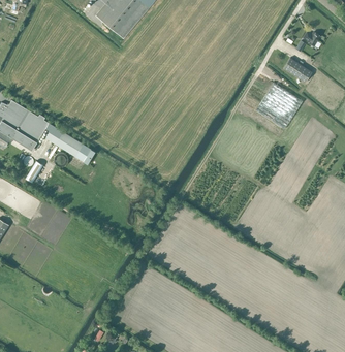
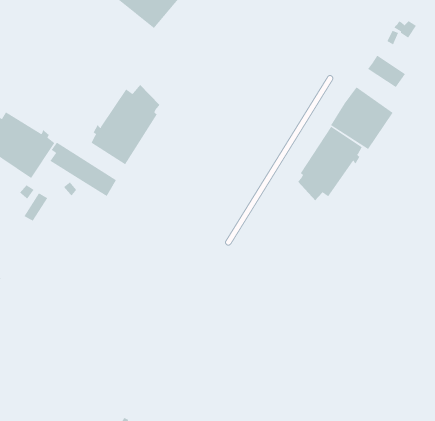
building: none -> [91,84,160,165]
building: none -> [297,126,362,201]

